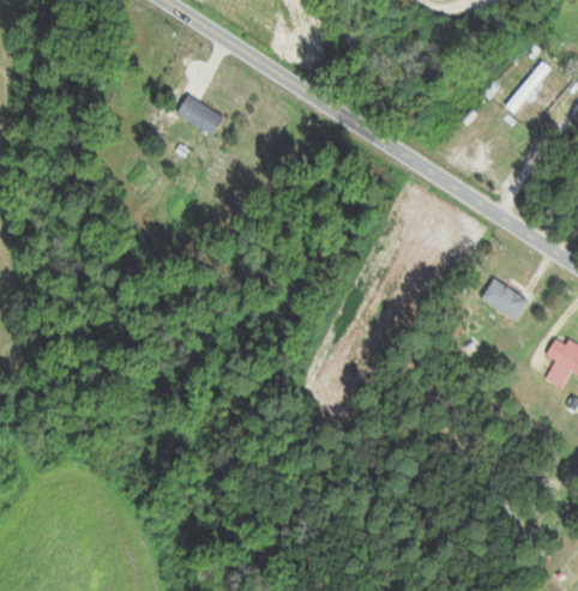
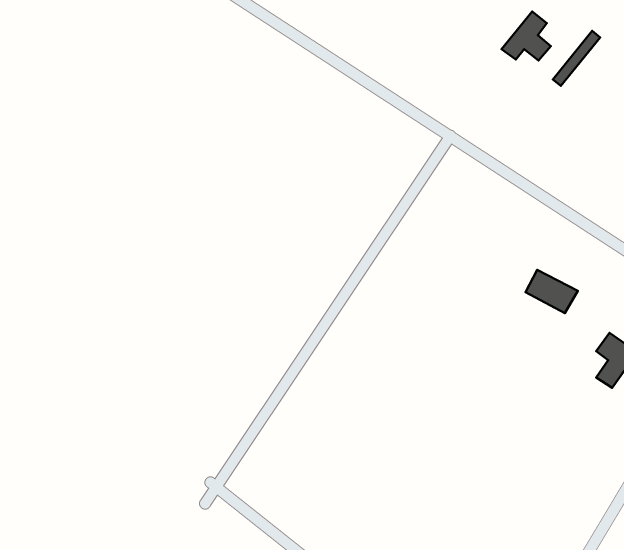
building: none -> [502,12,551,61]
building: [177,94,224,134] -> none

